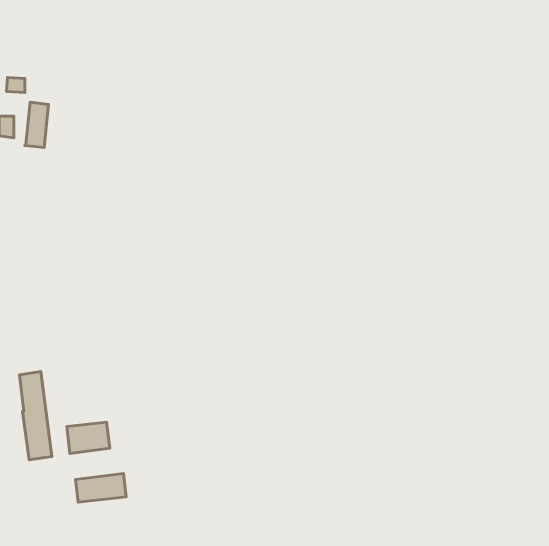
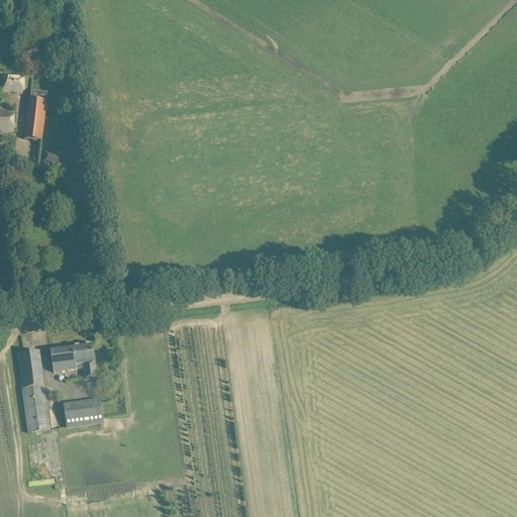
building: none -> [49,340,96,374]
building: [76,473,126,502] -> none

